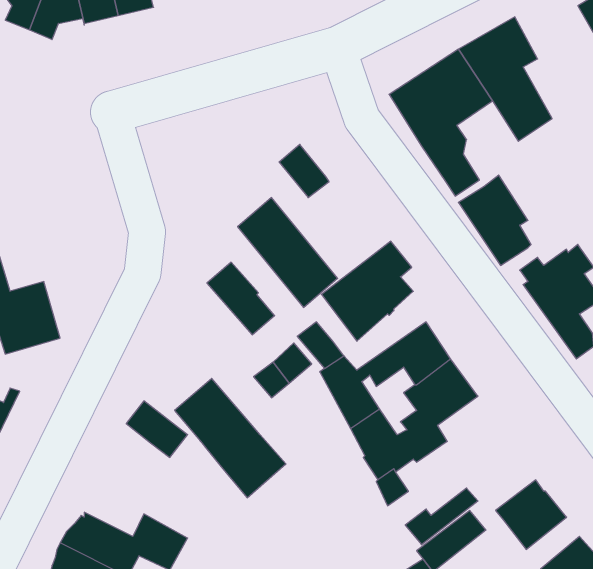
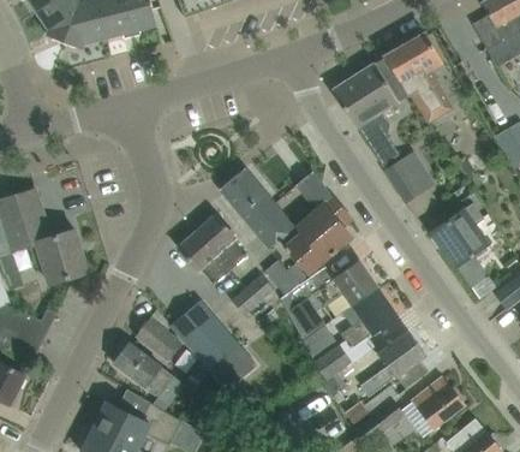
building: [279,144,329,198] -> [297,172,334,212]
building: none -> [179,231,231,282]
building: none -> [361,332,429,396]
building: none -> [114,343,174,397]

